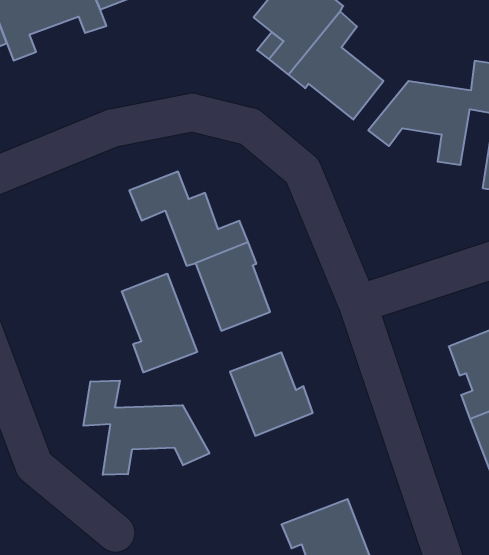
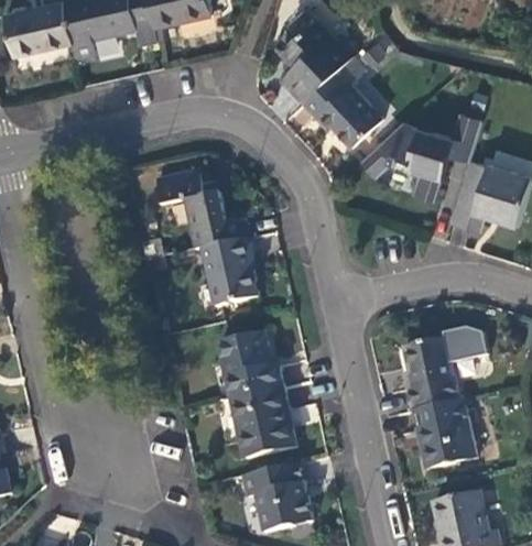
building: [122,274,197,372] -> none
building: [84,381,209,475] -> none
building: none -> [231,386,296,457]

